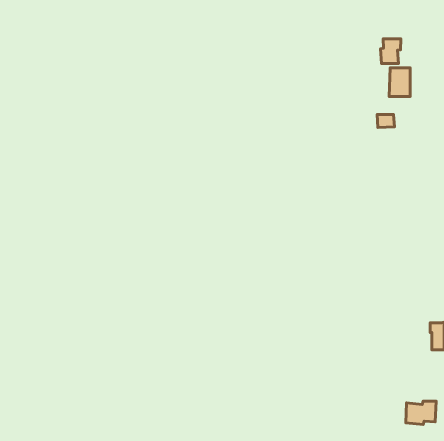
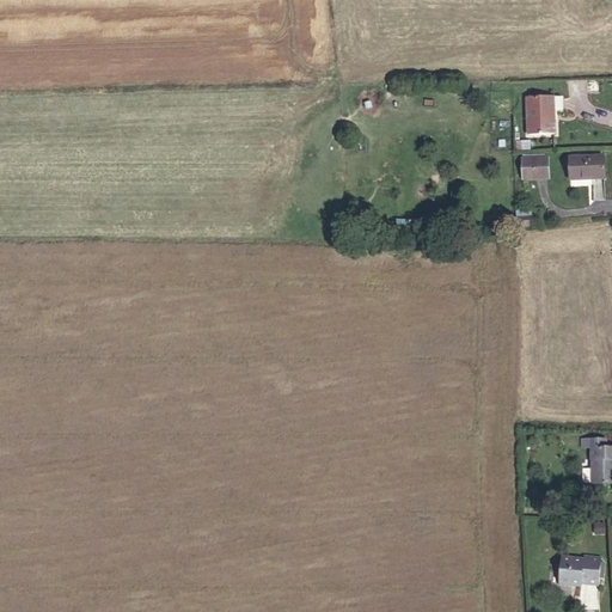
building: [381,39,401,64] -> none
building: none -> [564,155,600,180]

